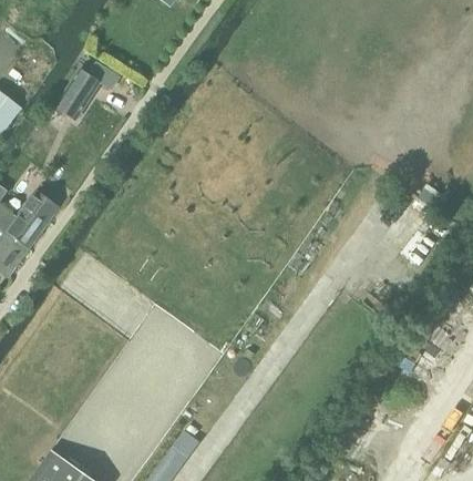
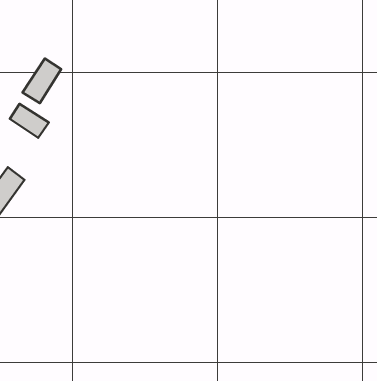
building: none -> [10,104,49,138]

